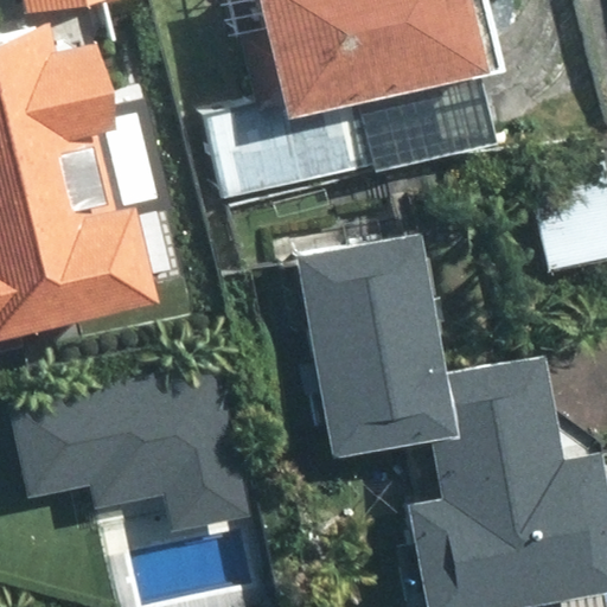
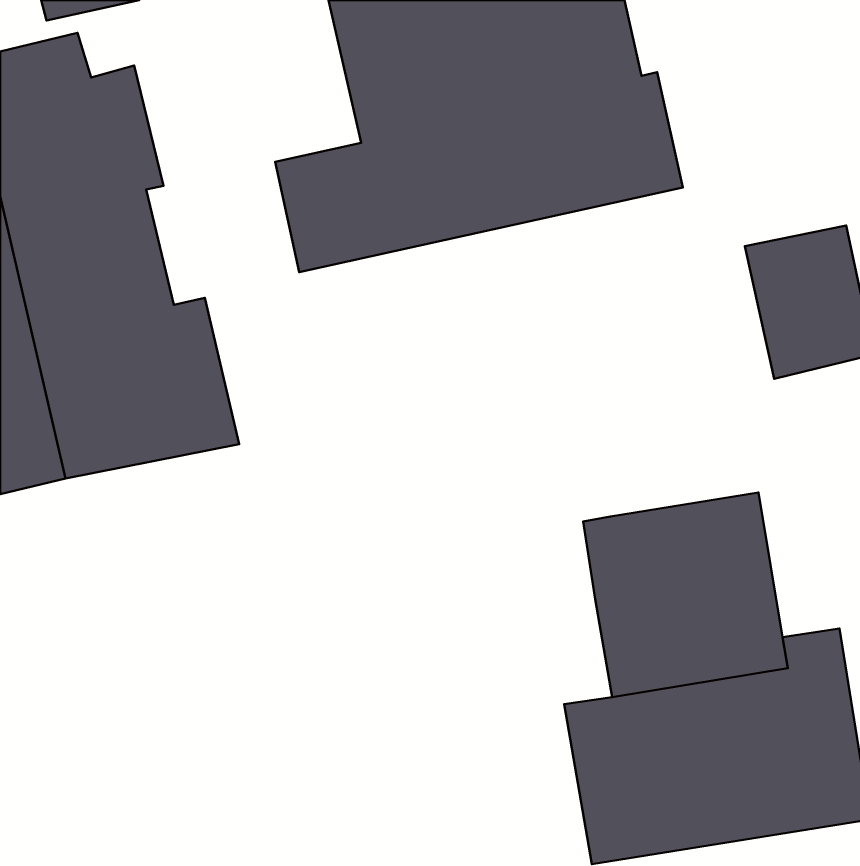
building: [293,222,434,440] -> none
building: [27,372,261,523] -> none

